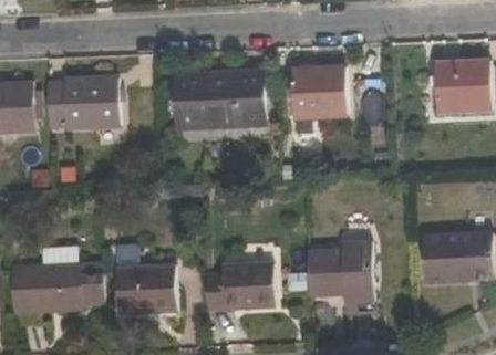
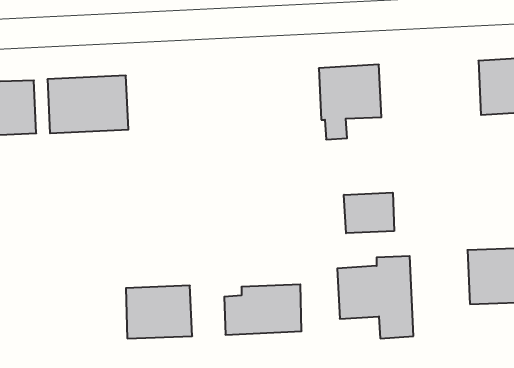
building: [174,71,264,127] -> none
building: none -> [344,193,394,233]
building: [10,246,103,327] -> none

